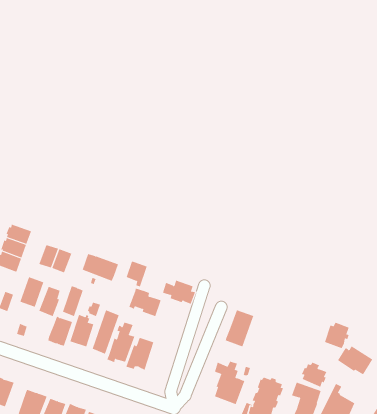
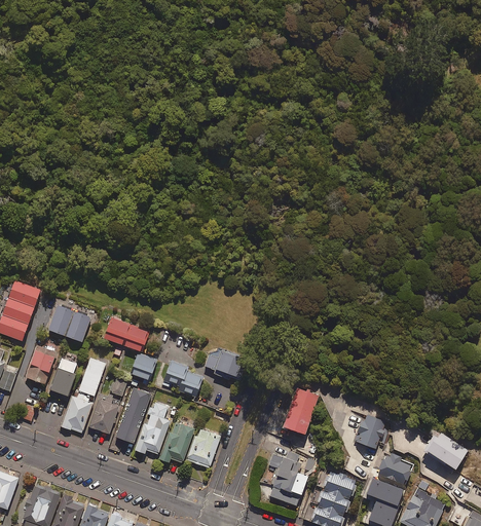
building: [126,261,148,287] -> [130,352,157,385]
building: [324,322,350,349] -> [353,415,384,449]
building: none -> [185,429,220,468]

